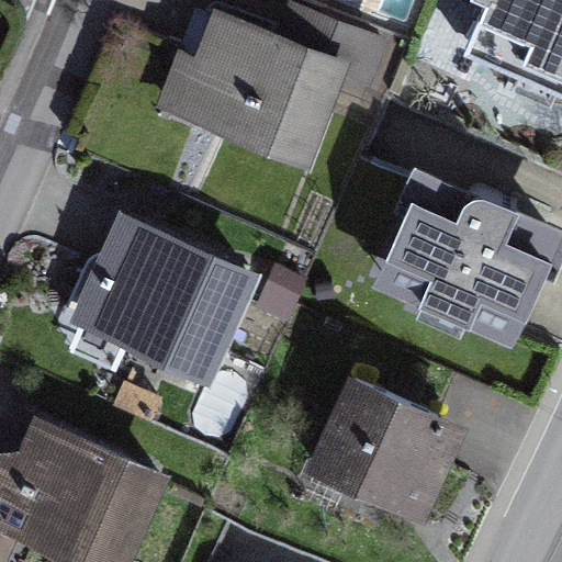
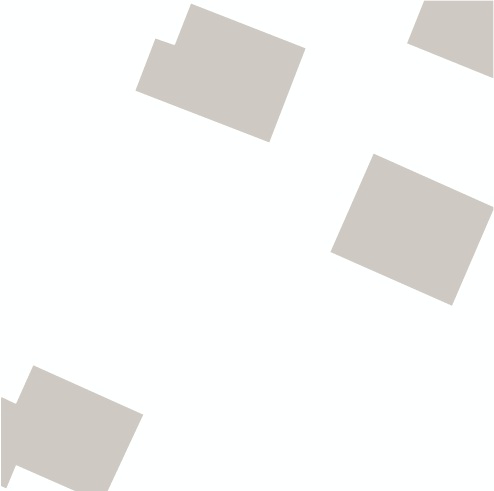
building: [68,218,256,386] -> none
building: [307,378,468,527] -> none

